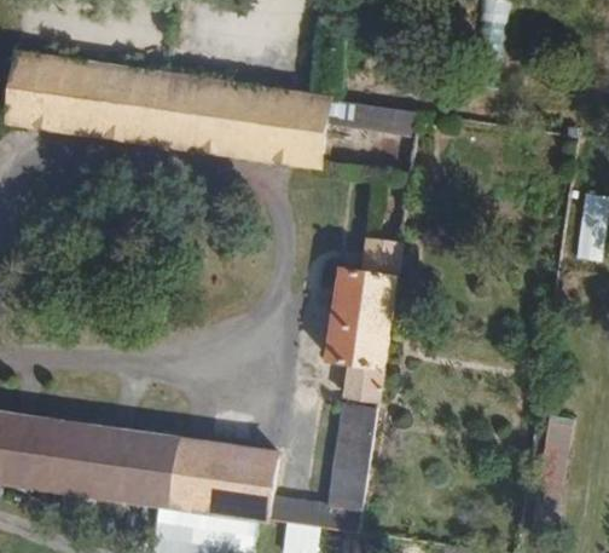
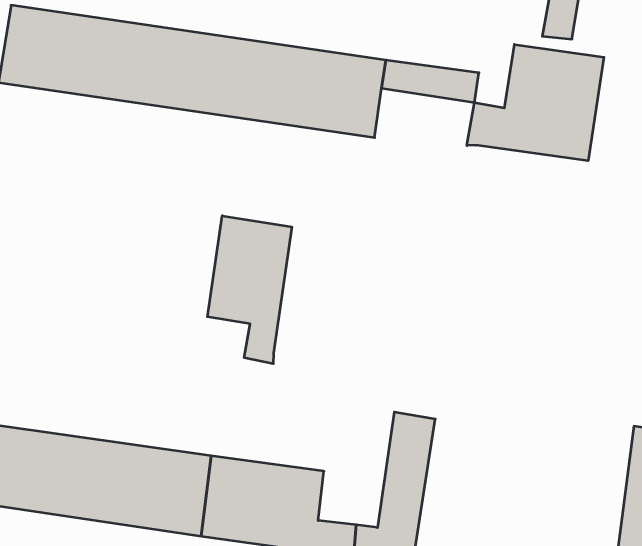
building: none -> [467,44,604,161]
building: none -> [207,216,292,364]
building: [324,235,401,399] -> none

